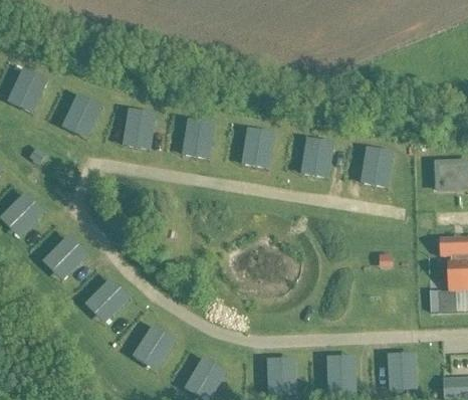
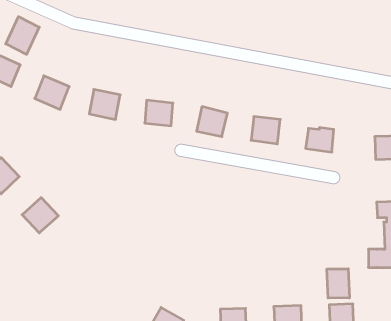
building: none -> [6,17,39,54]
building: [89,276,130,317] -> none
building: none -> [327,269,349,298]
building: [136,324,176,363] -> none

